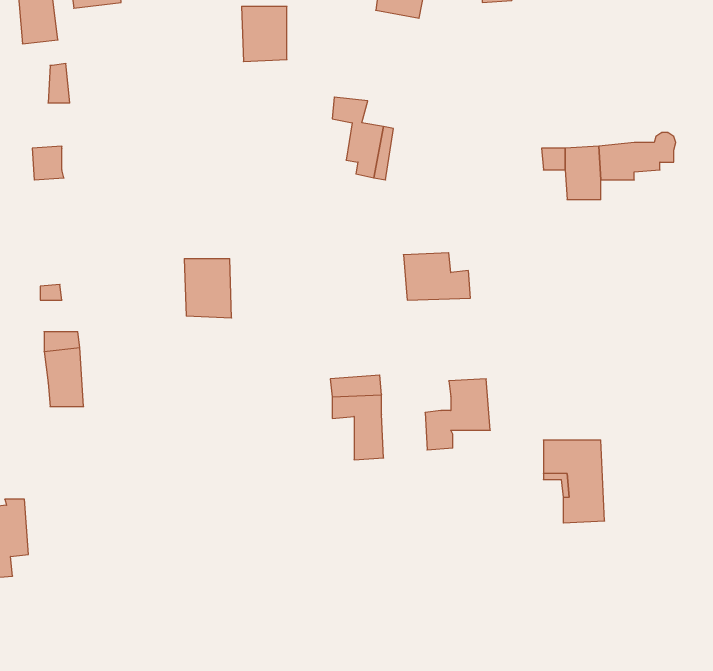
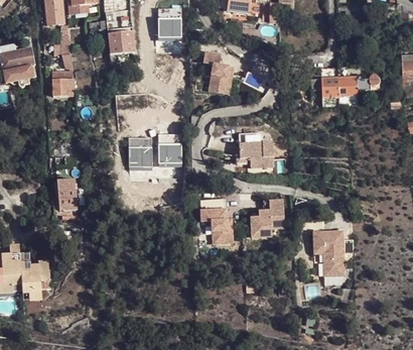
building: none -> [108,27,134,62]
building: none -> [157,134,182,163]

